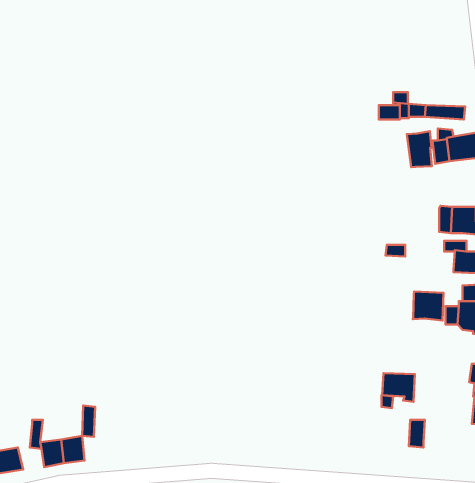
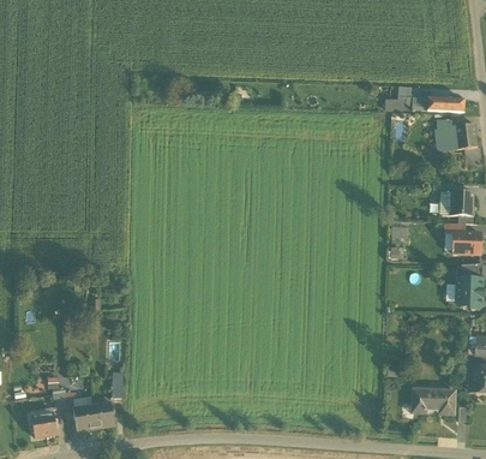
building: [407,131,432,167] -> none
building: [413,291,444,321] -> none
building: [382,373,415,402] -> [425,388,455,415]

